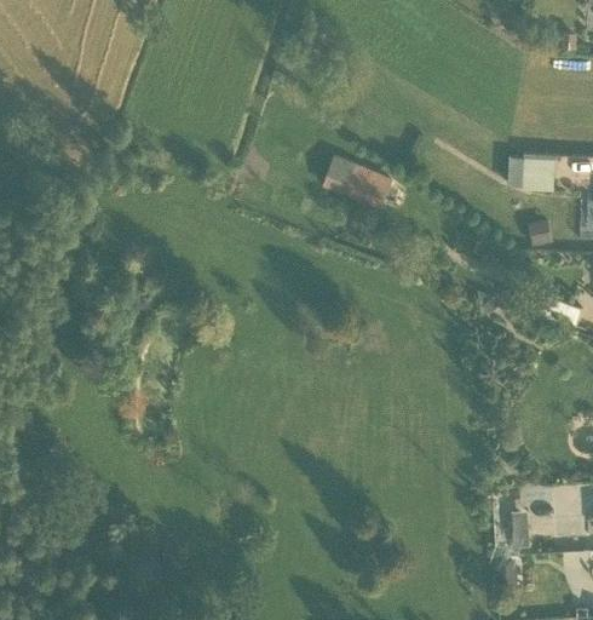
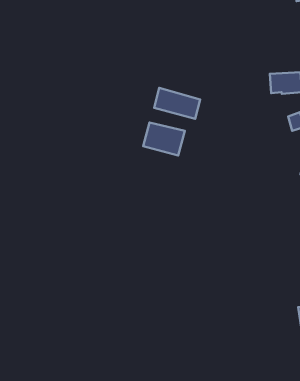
building: none -> [143,122,185,155]

